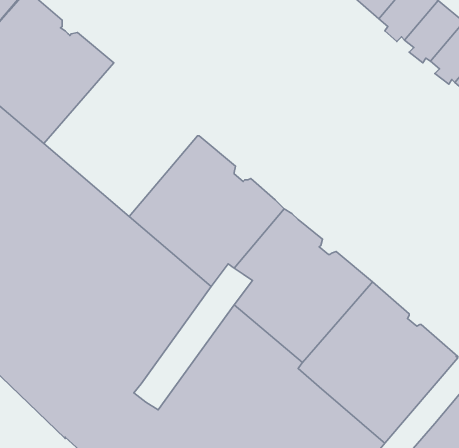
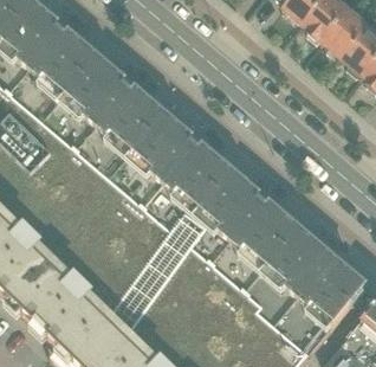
building: none -> [44,58,163,178]
building: none -> [114,214,206,328]

